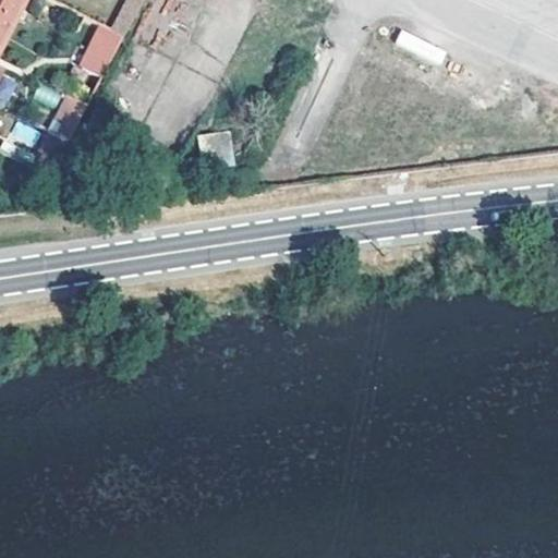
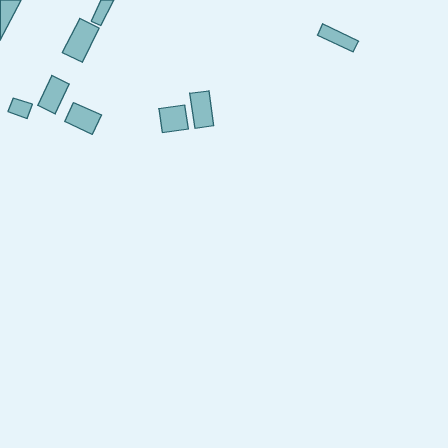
building: none -> [190,91,214,128]
building: none -> [65,103,102,134]

